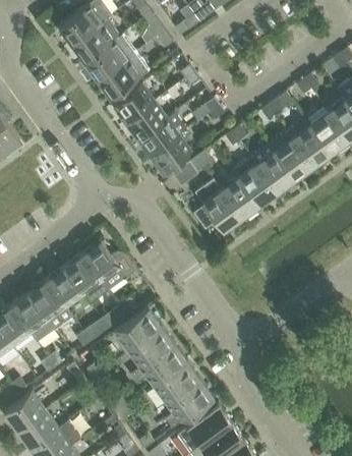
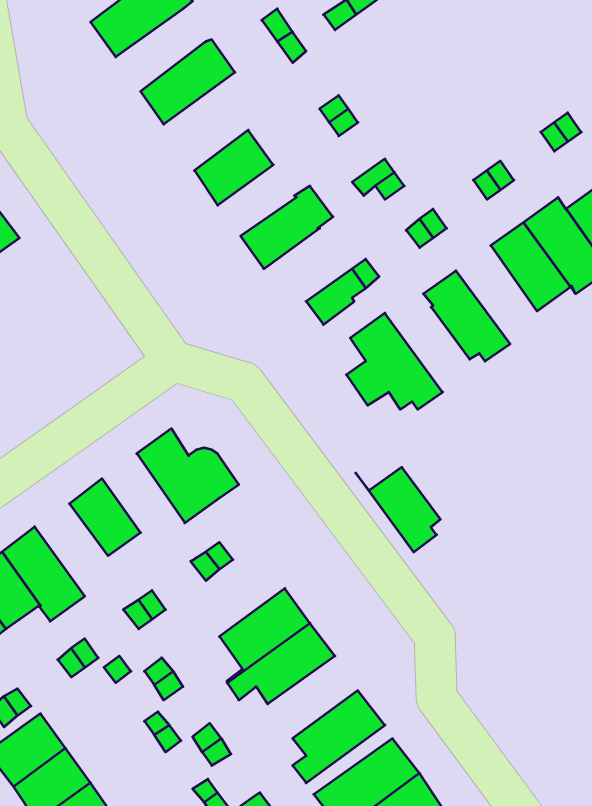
building: [71,18,119,62] -> none
building: [97,52,148,98] -> none
building: [125,101,167,138] -> none
building: [150,134,191,173] -> none
building: [251,144,294,195] -> none
building: [214,176,258,221] -> [356,467,440,552]
building: [64,253,108,295] -> none
building: [28,280,72,329] -> none
building: [113,306,161,350] -> none
building: [152,360,199,404] -> none

